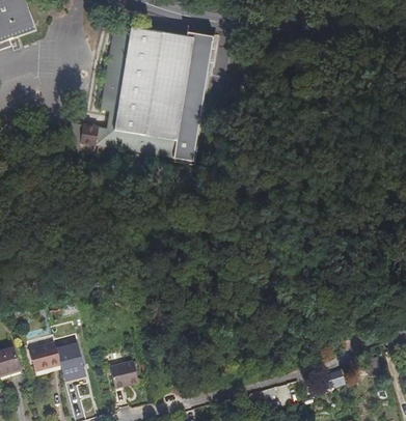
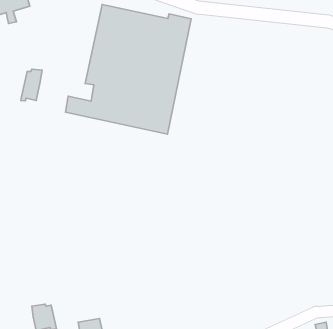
building: none -> [21,69,42,101]
building: [29,341,60,370] -> none

